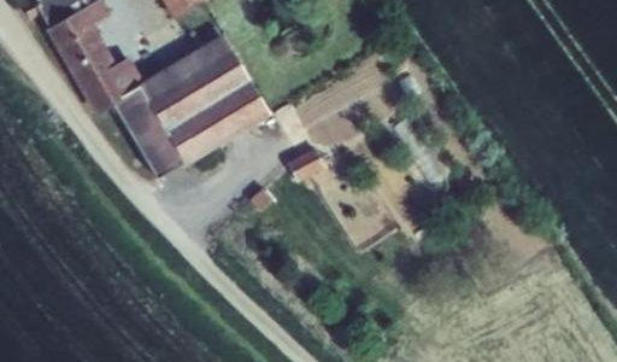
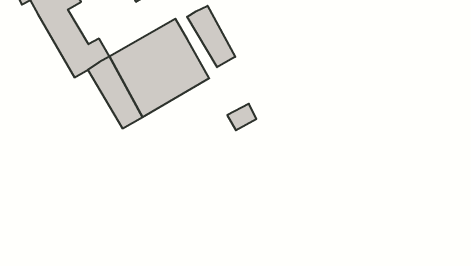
building: none -> [187,6,235,67]

